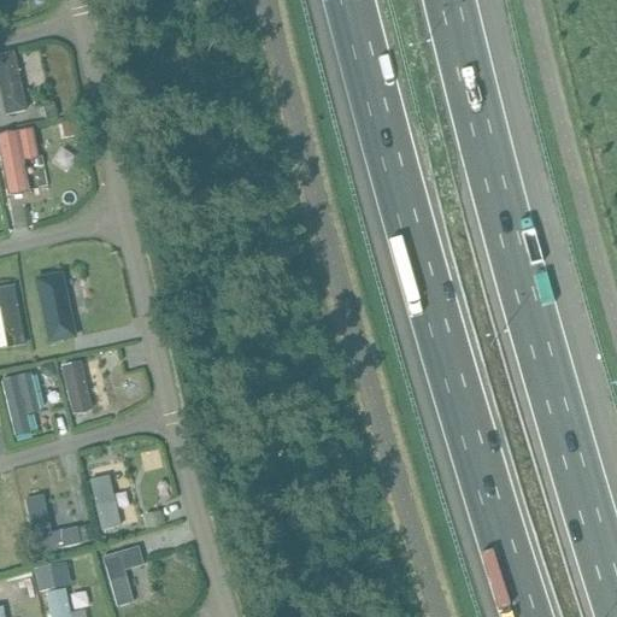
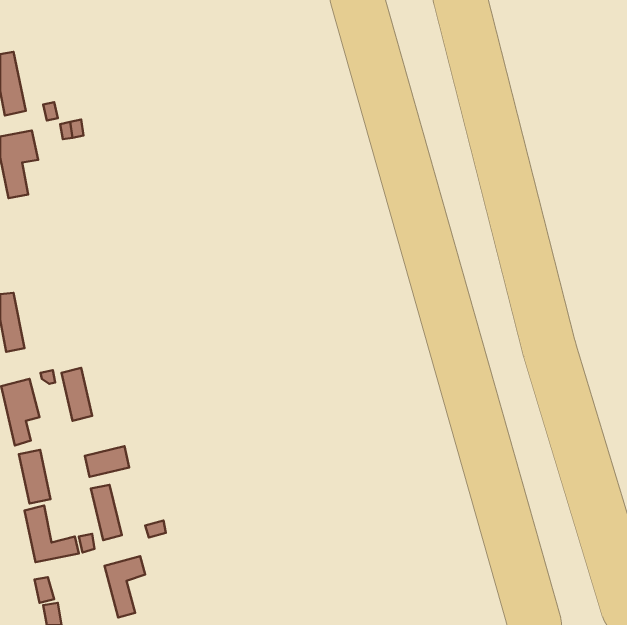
building: [37,272,75,341] -> none
building: none -> [85,446,129,477]
building: none -> [19,450,51,503]

